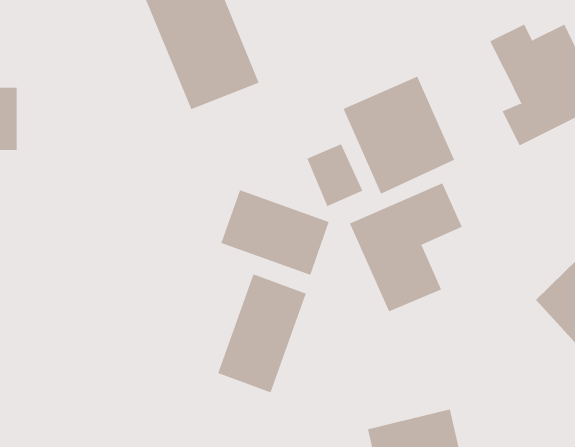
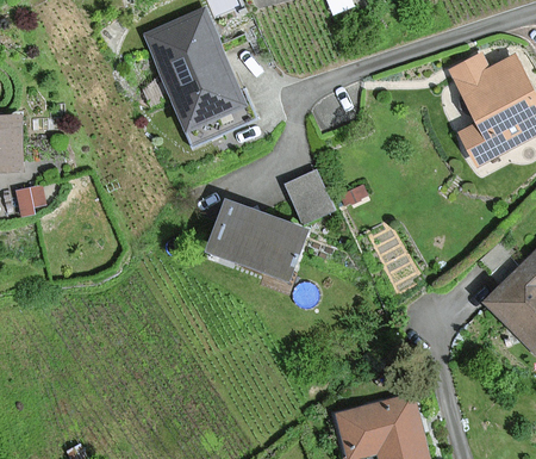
building: [343,76,455,194] -> none
building: [349,183,462,312] -> none
building: [218,274,306,393] -> none

